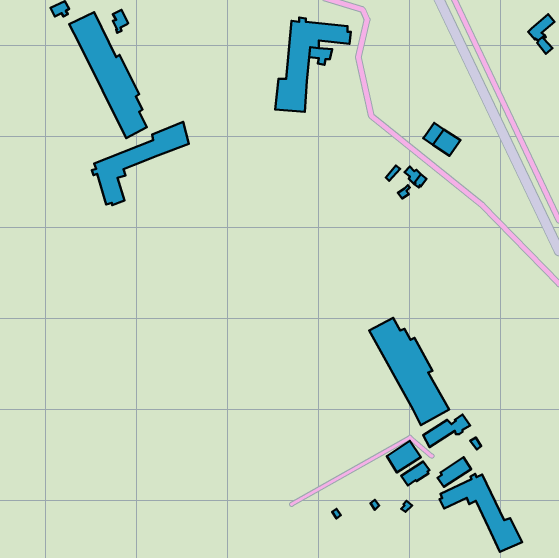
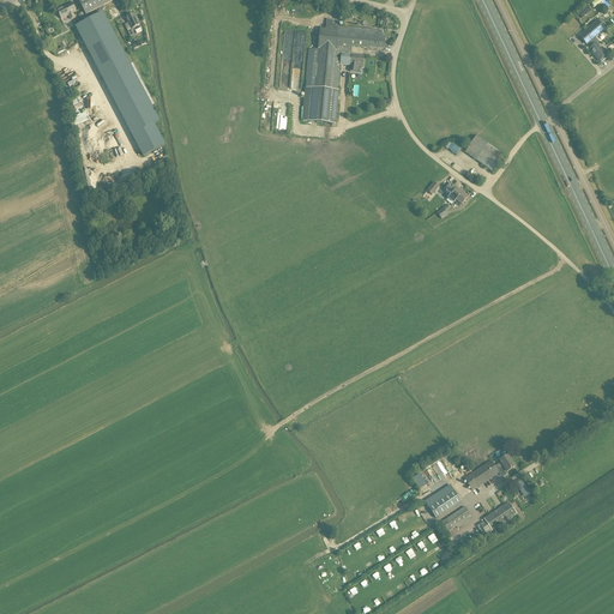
building: [92,122,189,205] -> none
building: [369,318,449,425] -> none
building: [440,474,522,552] -> none

